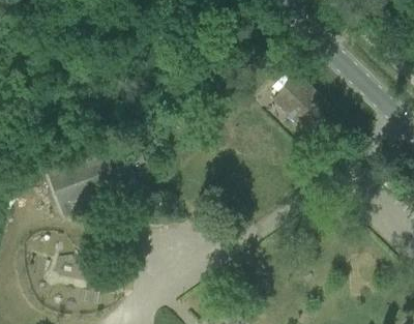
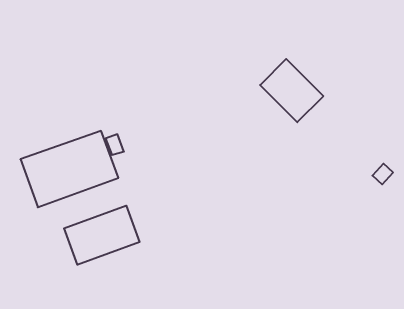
building: none -> [64,206,140,265]

